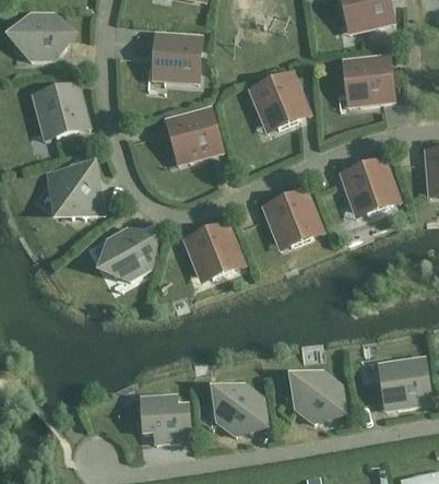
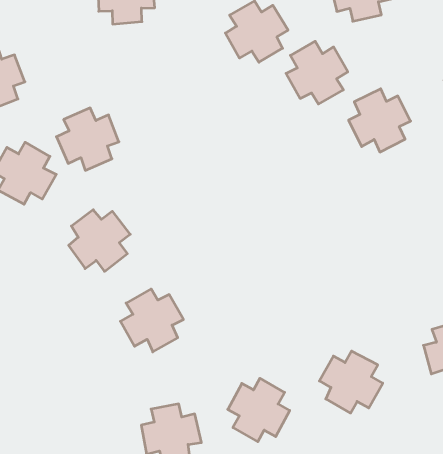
building: [168,109,218,160] -> [56,108,119,170]
building: [268,192,318,244] -> [286,41,348,104]
building: [188,225,239,276] -> [120,289,183,352]

